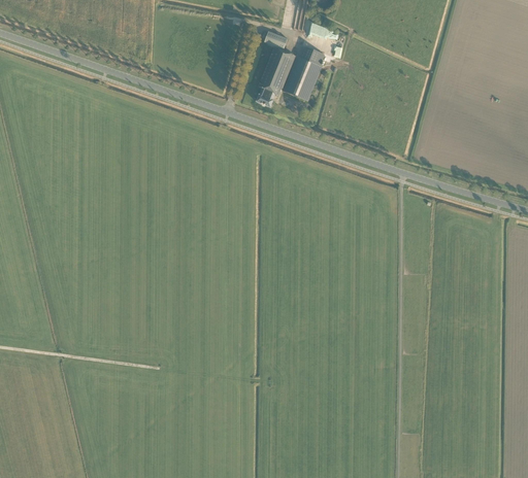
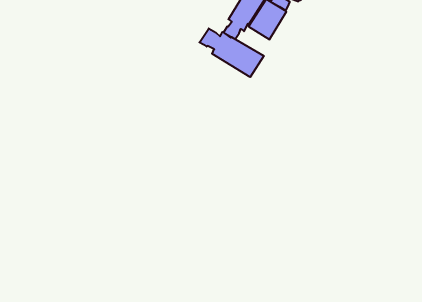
building: none -> [199,28,264,77]

